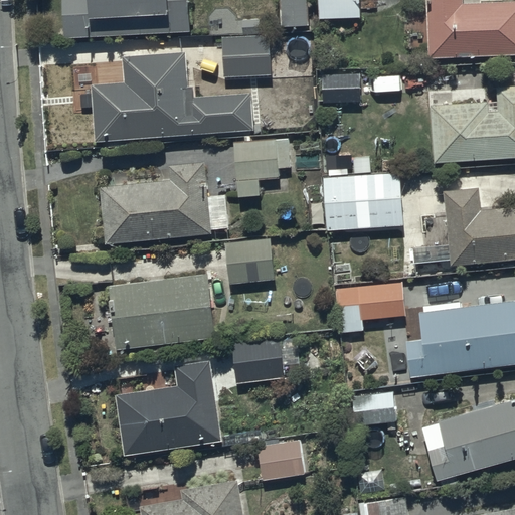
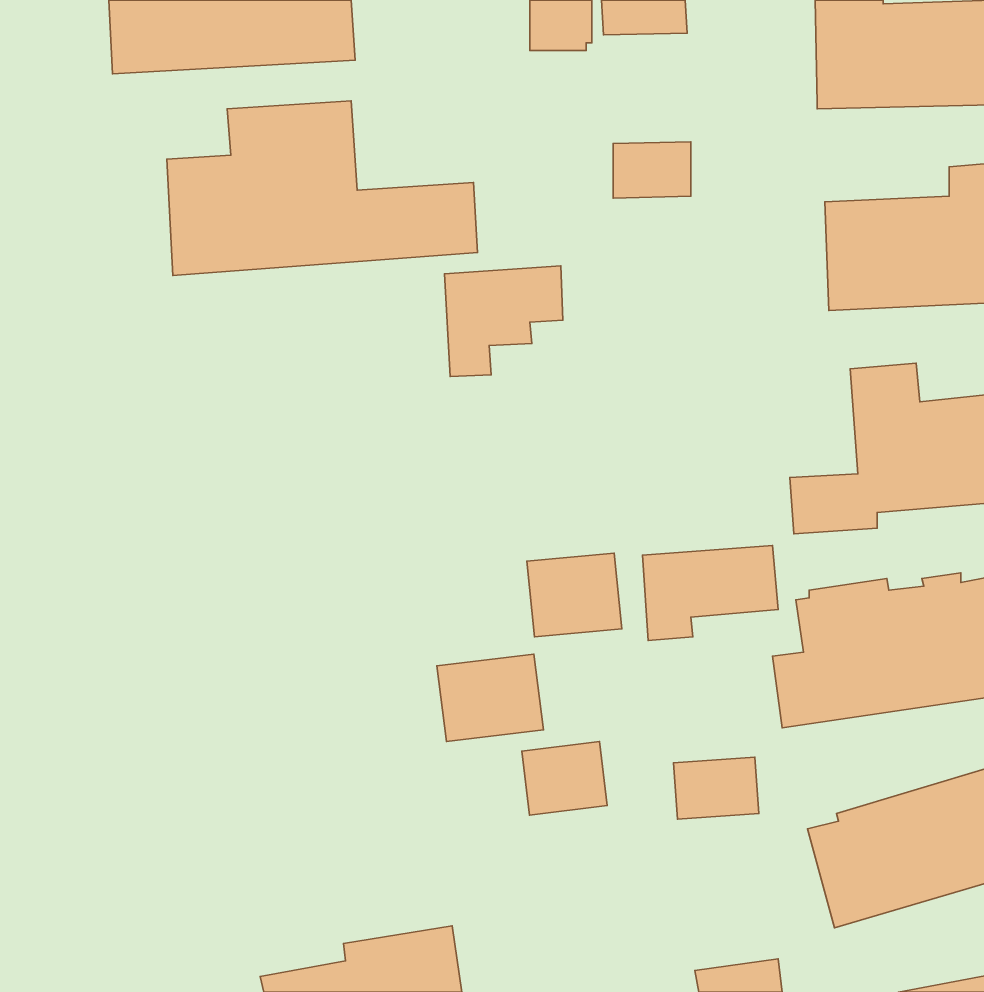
building: [227,17,279,75] -> none
building: [324,156,405,231] -> none
building: [99,162,231,243] -> none
building: [225,239,275,283] -> [527,553,622,637]
building: [106,273,216,351] -> none
building: [116,362,222,455] -> none
building: [267,440,311,478] -> [522,742,607,815]

